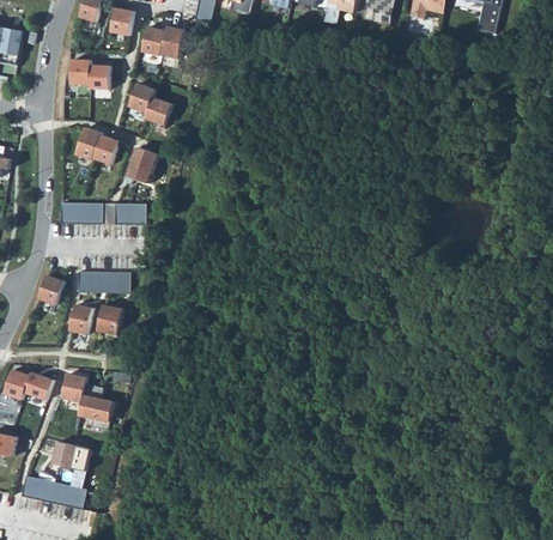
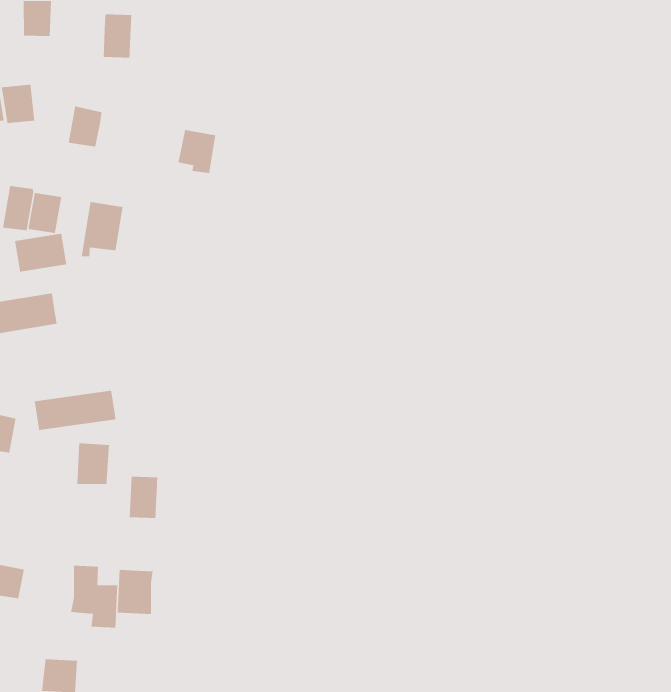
building: [140,24,164,54] -> none
building: [142,96,171,128] -> [177,129,216,174]
building: [113,202,145,224] -> [14,233,67,272]
building: [68,304,92,335] -> [129,476,158,519]
building: [59,372,87,406] -> [117,569,154,615]

